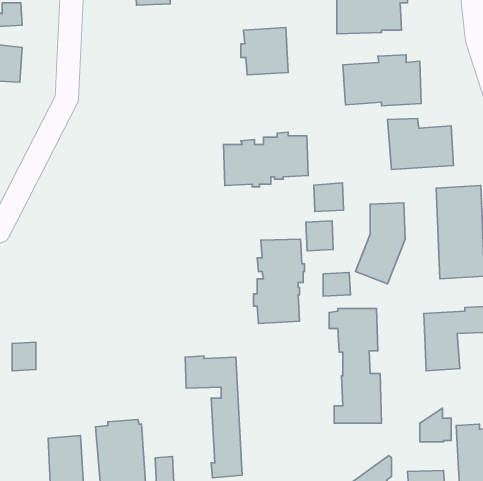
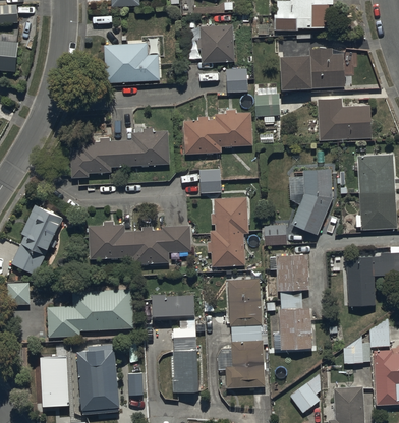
building: none -> [104,42,161,82]
building: none -> [226,68,248,93]
building: none -> [70,128,170,177]
building: [314,183,344,211] -> [255,94,280,117]
building: [306,221,333,251] -> [200,169,222,193]
building: none -> [11,203,63,274]
building: none -> [88,221,190,263]
building: none -> [217,279,269,387]
building: none -> [47,288,133,337]
building: none -> [369,317,390,347]

